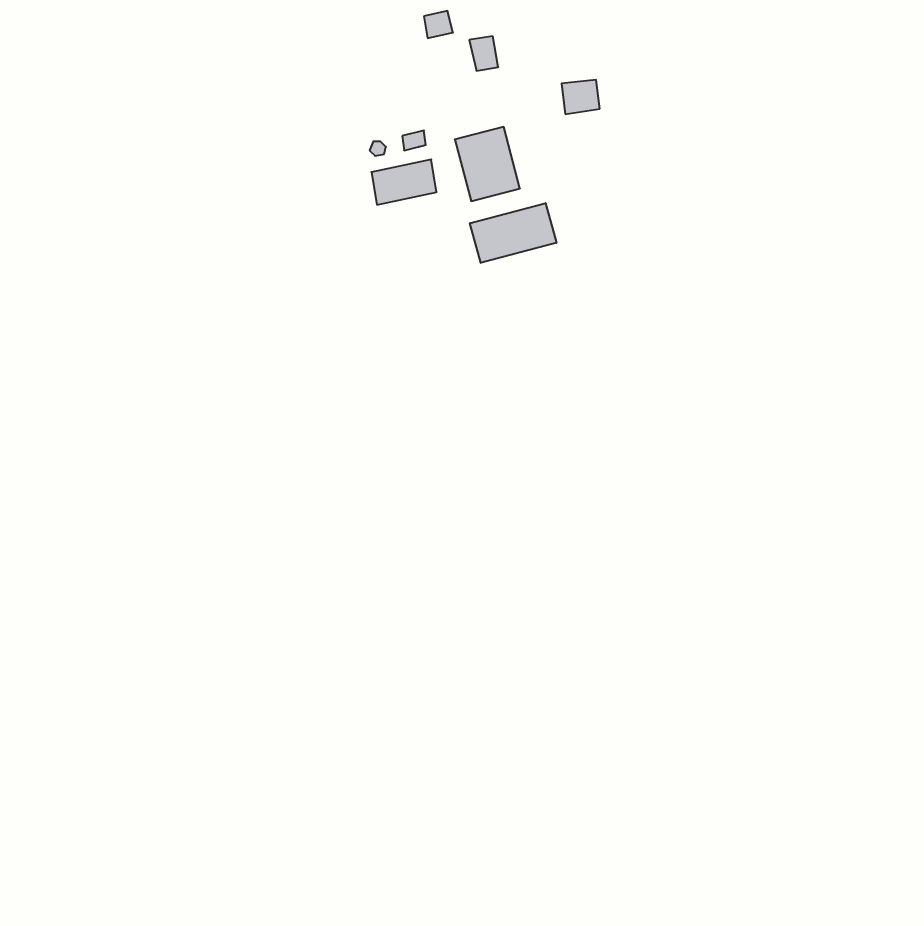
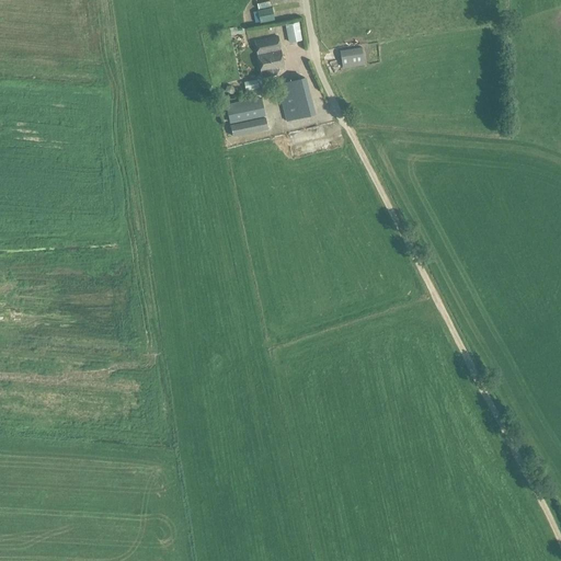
building: none -> [254,36,284,78]
building: [470,203,556,263] -> none

